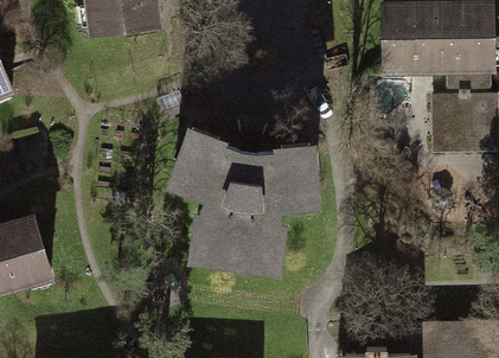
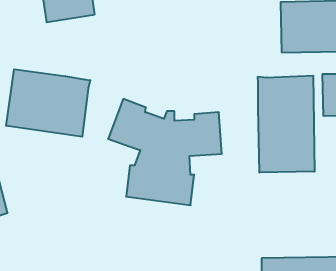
building: none -> [6,69,90,137]
building: none -> [258,76,315,173]

